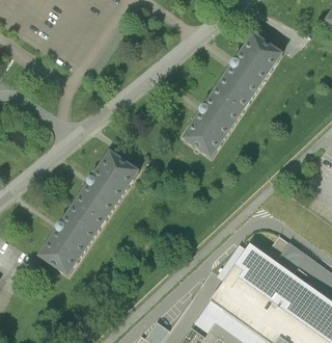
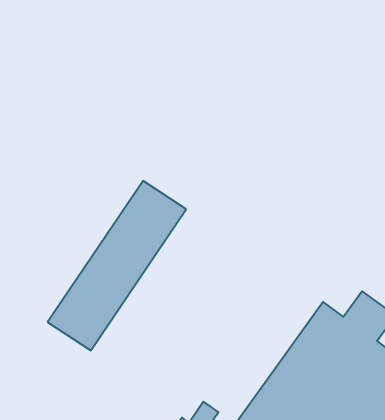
building: [181,30,288,163] -> none

